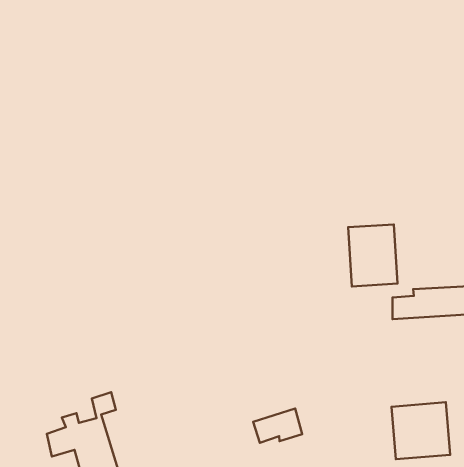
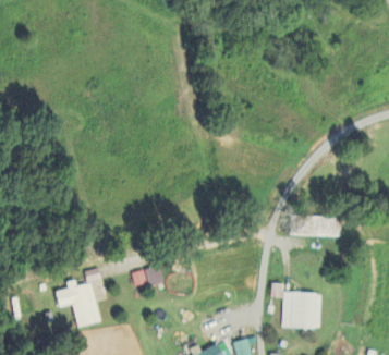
building: [348,224,397,286] -> none
building: [253,408,302,443] -> [132,265,163,285]

